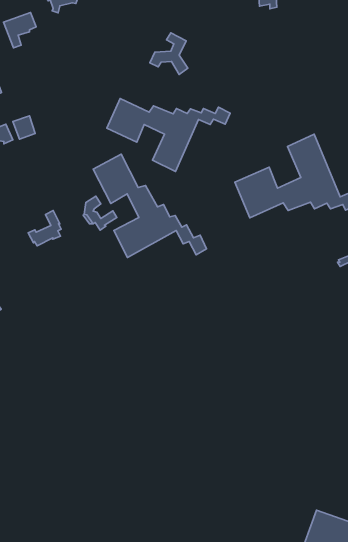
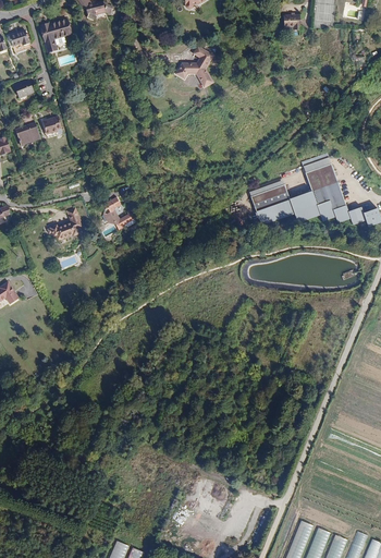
building: [107,99,230,171] -> none
building: [93,154,206,257] -> none

